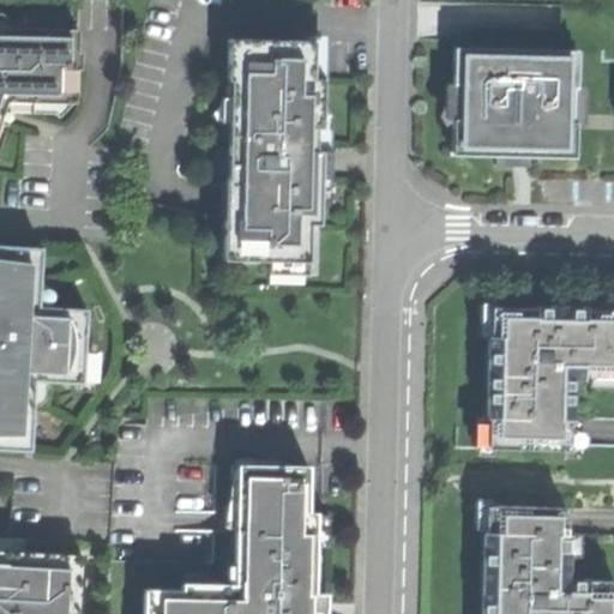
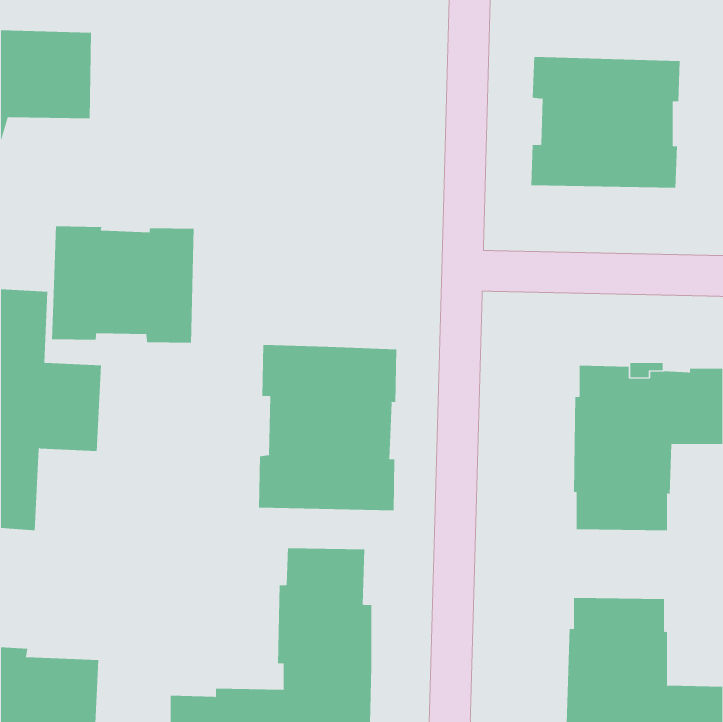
building: [223,40,321,264] -> none
building: none -> [52,226,194,343]
building: none -> [258,344,397,511]

